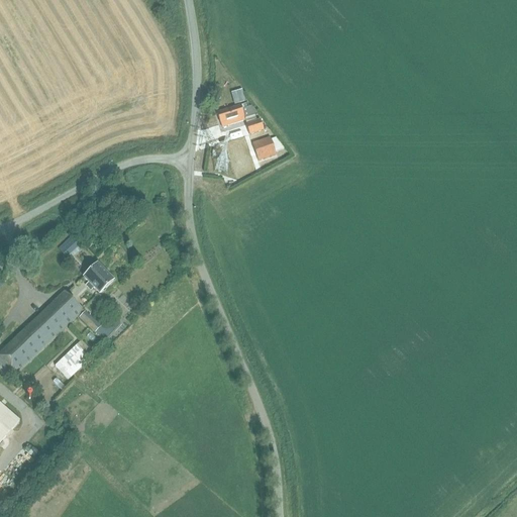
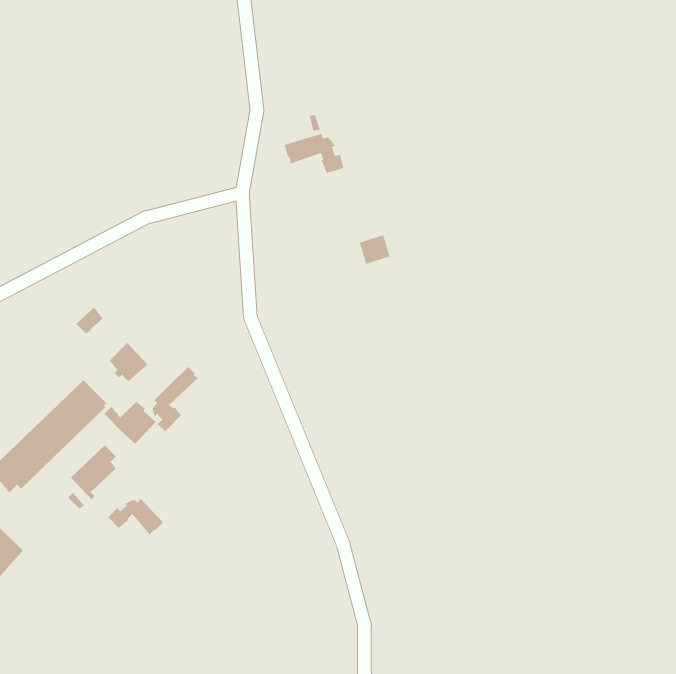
building: [251,136,276,160] -> [359,234,391,265]
building: none -> [152,366,199,432]
building: none -> [108,498,164,535]

